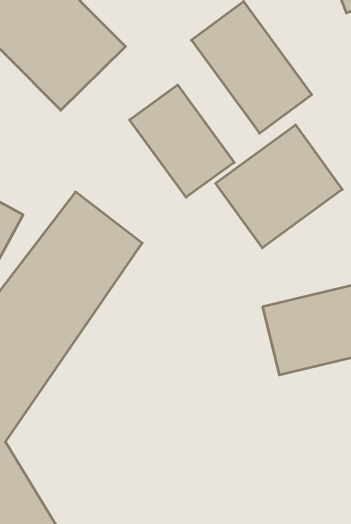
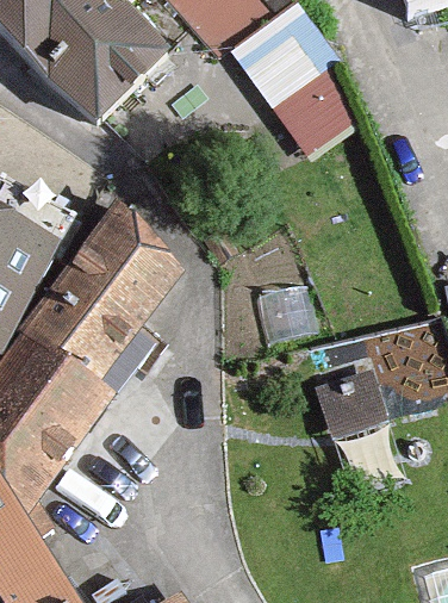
building: [130,85,234,197] -> none
building: [216,125,342,248] -> none

